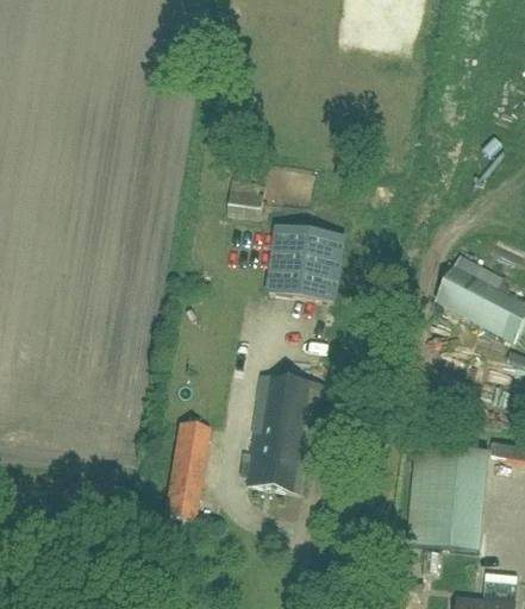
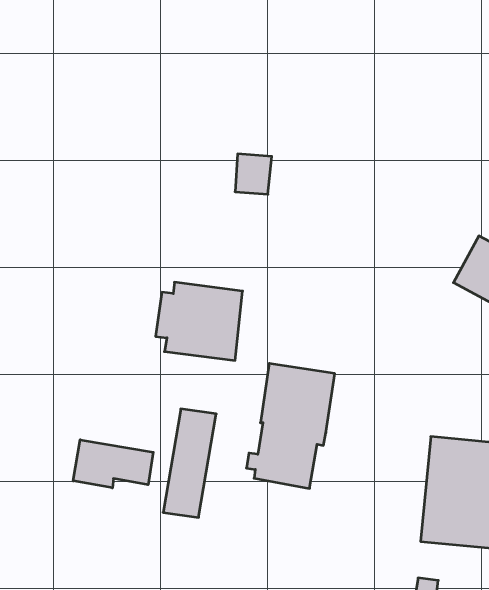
building: [260,224,342,297] -> [156,282,243,360]
building: none -> [73,440,153,488]

